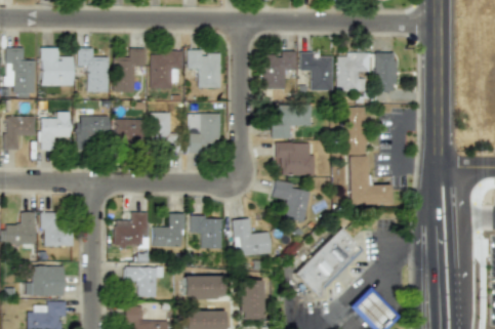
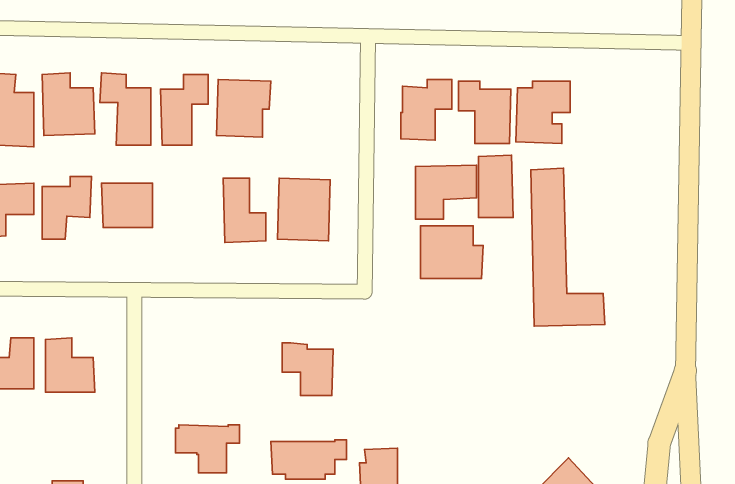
building: [188,50,220,87] -> none
building: [375,52,397,91] -> [479,155,513,218]
building: [115,119,145,140] -> none
building: [273,179,312,222] -> none
building: [115,212,149,249] -> none
building: [154,213,187,246] -> none
building: [233,218,272,256] -> none
building: [295,229,358,296] -> none
building: [27,265,65,296] -> none

